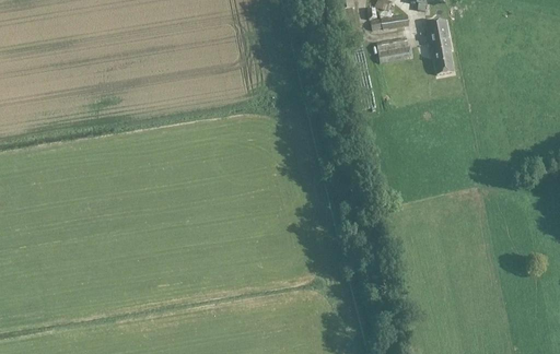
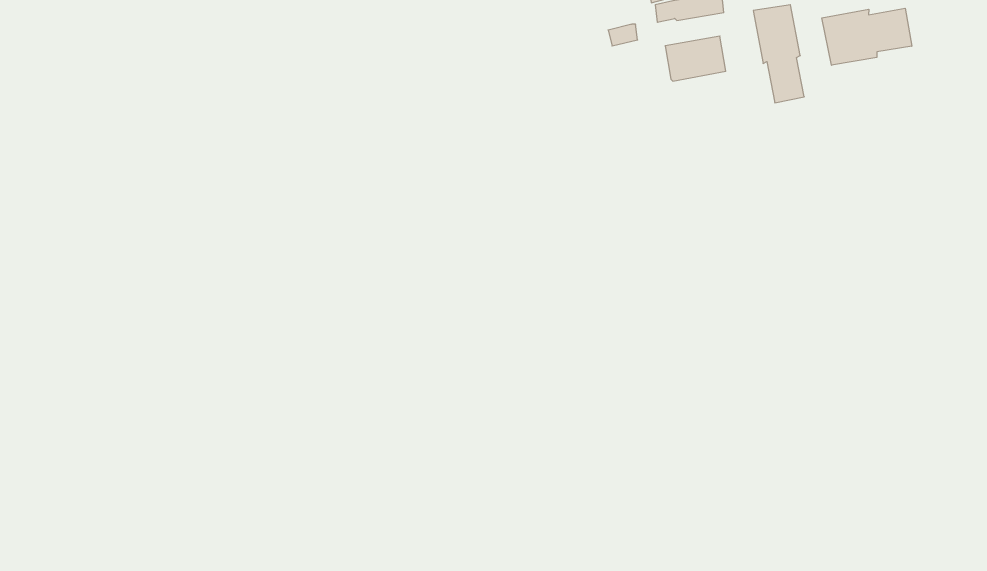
building: none -> [822,8,912,65]

